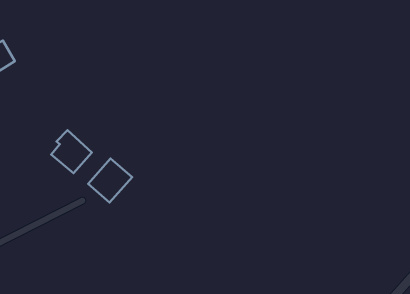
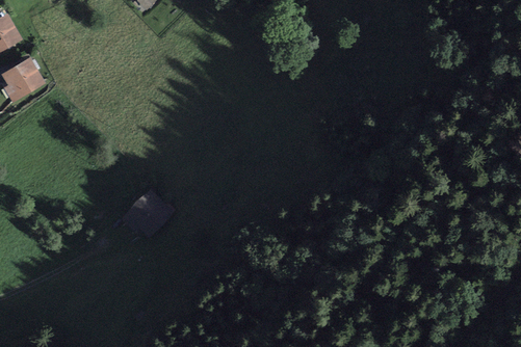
building: [51,130,92,173] -> none

